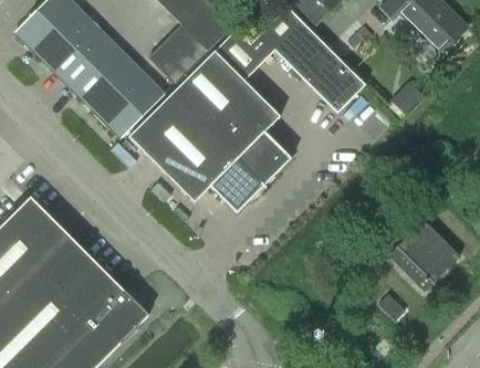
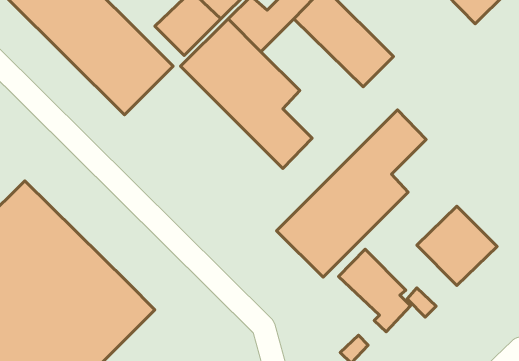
building: [128,93,264,212] -> none
building: none -> [276,110,426,277]
building: none -> [339,249,411,332]

